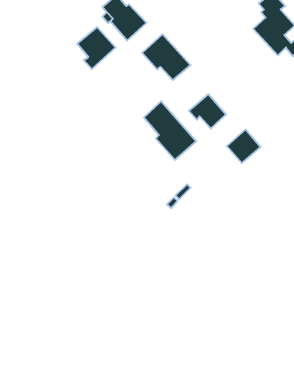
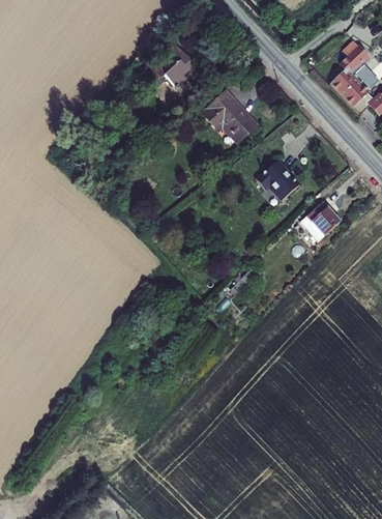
building: [77,27,116,69] -> none
building: [144,101,196,160] -> none

